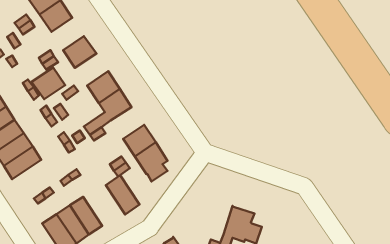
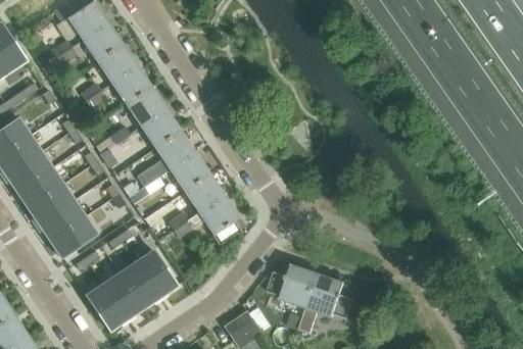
building: none -> [97,43,137,83]
building: [32,67,65,99] -> [126,87,167,126]
building: none -> [170,152,210,191]
building: none -> [49,216,97,257]
building: [106,175,139,215] -> [136,249,177,297]
building: none -> [268,263,319,307]

